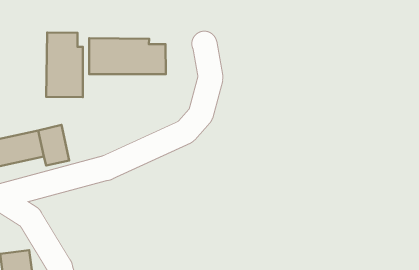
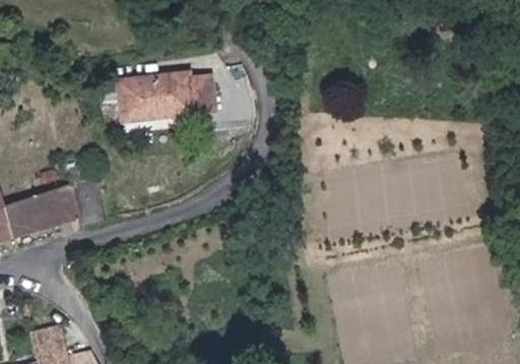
building: [46,32,83,97] -> none

